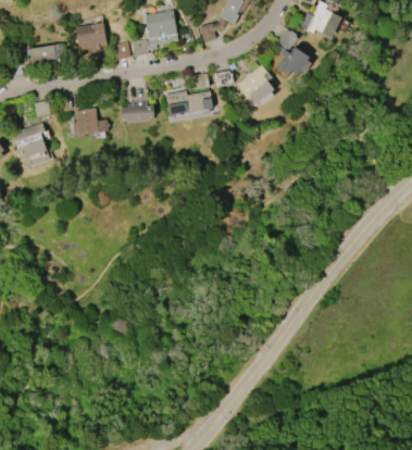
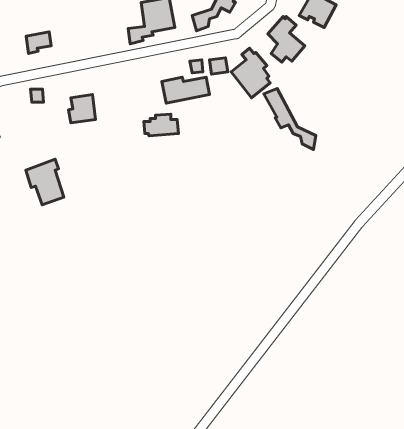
building: [76,23,108,53] -> none
building: [121,100,155,122] -> [144,114,178,136]
building: none -> [264,89,316,150]
building: [12,122,50,167] -> [26,159,64,205]

